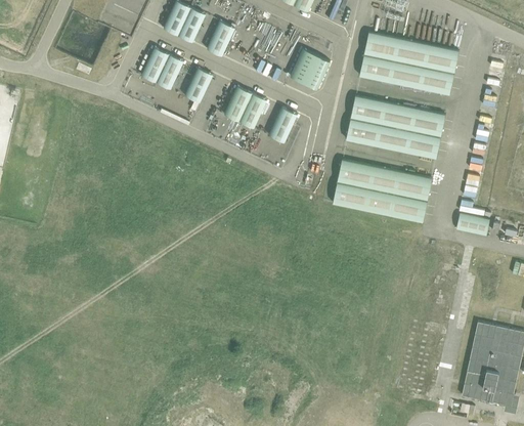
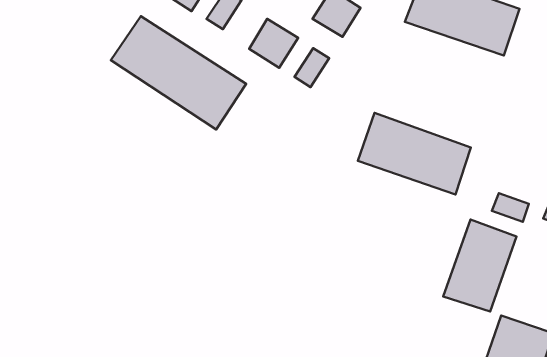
building: [346,96,445,158] -> none
building: none -> [111,16,246,130]
building: none -> [443,220,516,312]

